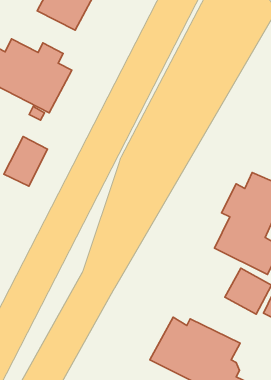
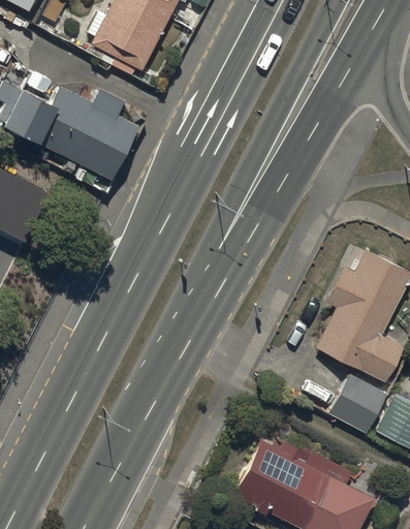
building: [4,136,48,186] -> none

